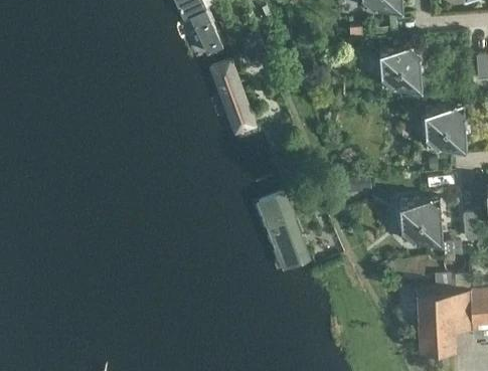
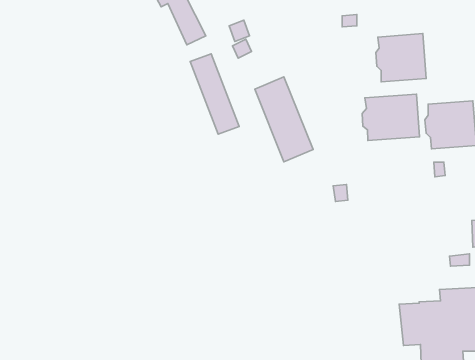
building: none -> [362,94,420,141]
building: [261,198,313,274] -> [255,77,313,162]
building: [398,201,444,243] -> none

